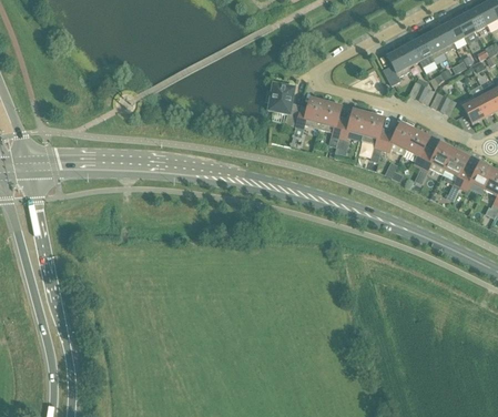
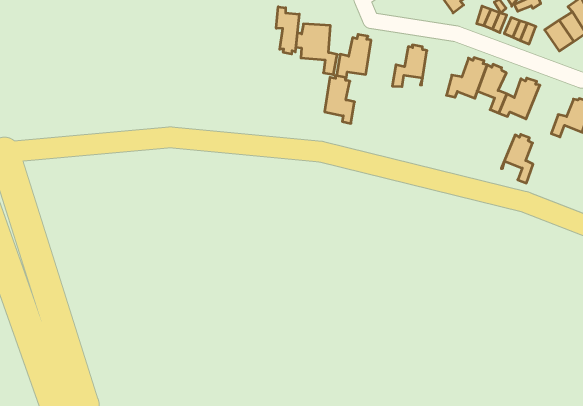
building: none -> [276,7,299,54]
building: [318,99,343,138] -> [325,76,355,123]
building: [362,111,386,149] -> none
building: [441,148,468,186] -> [501,134,533,183]

